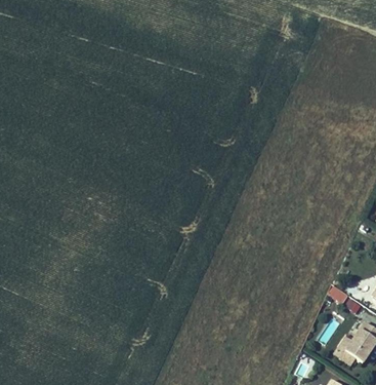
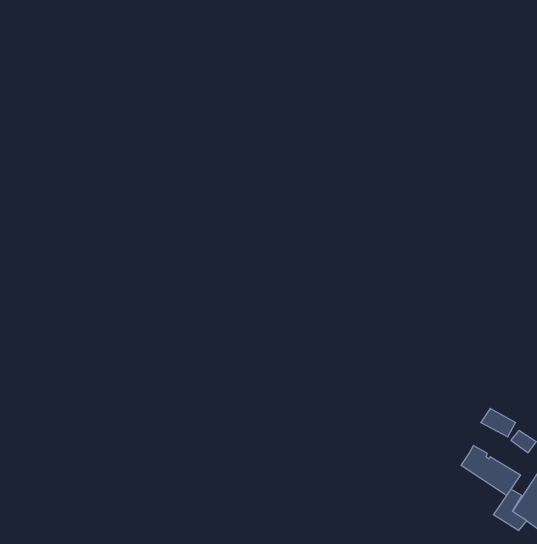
building: none -> [461,445,520,495]

